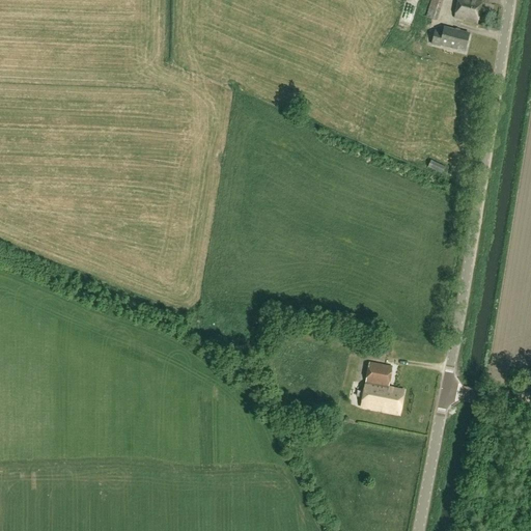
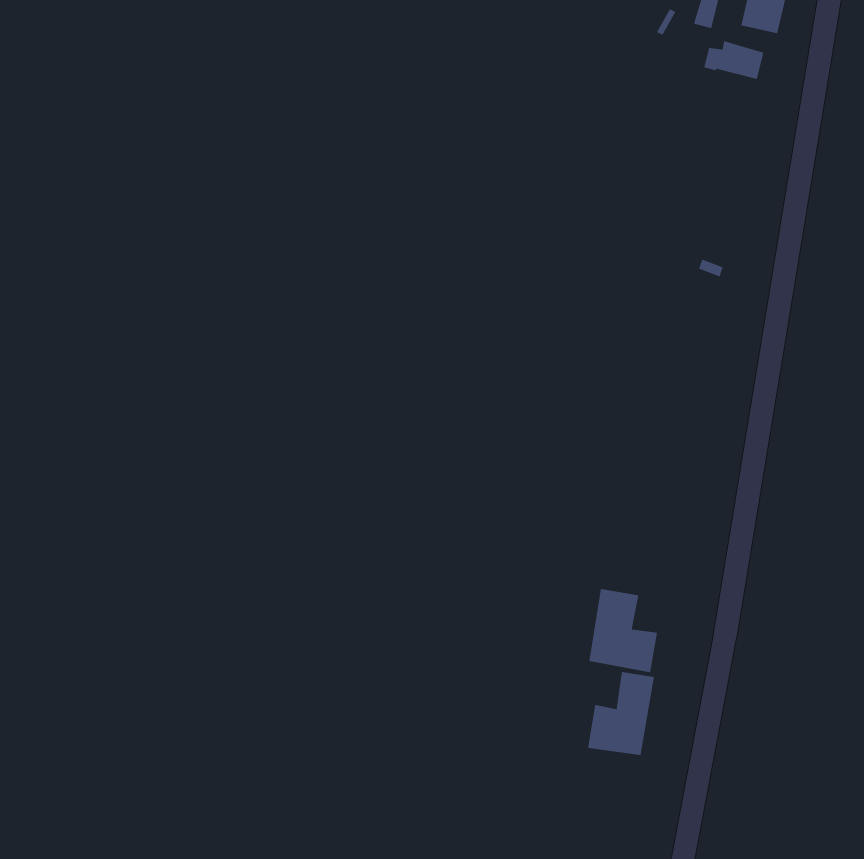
building: none -> [588,671,654,756]

